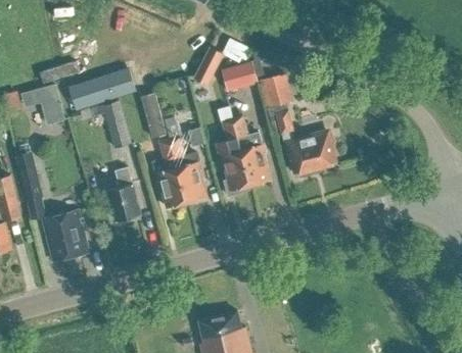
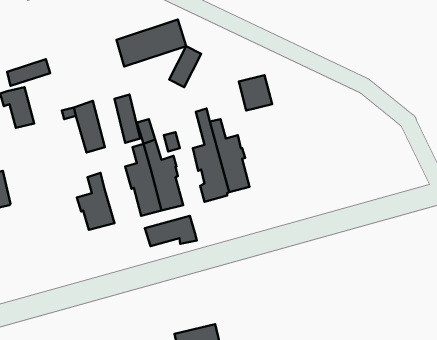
building: [221,61,259,91] -> none
building: [70,66,136,111] -> [117,19,186,67]
building: [276,110,336,173] -> none
building: none -> [145,216,197,246]
building: [42,210,88,261] -> none

